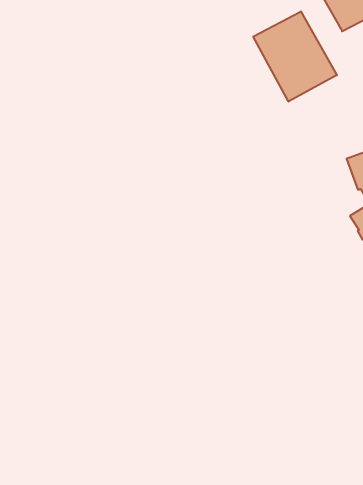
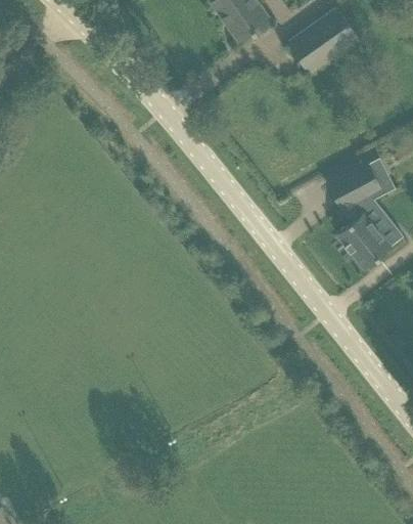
building: [253,11,337,102] -> none

